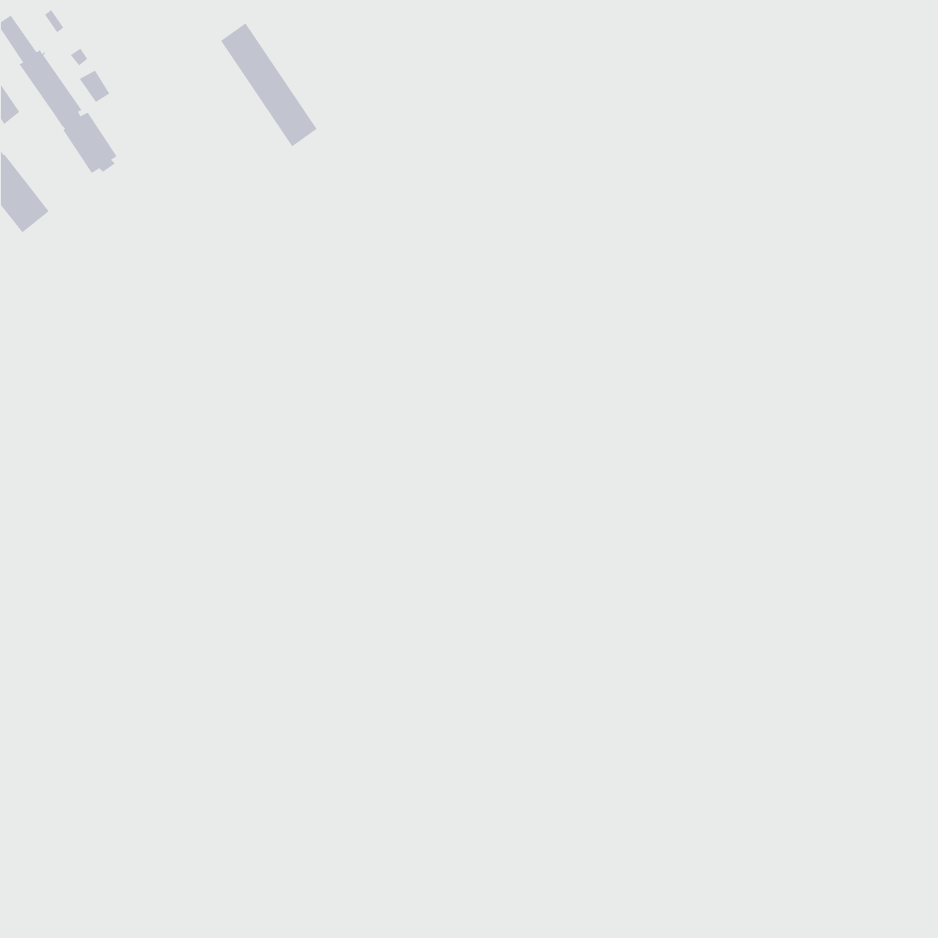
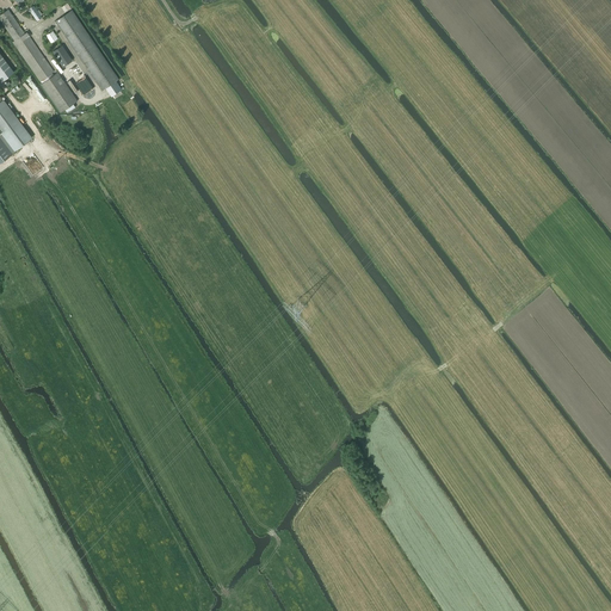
building: [220,22,317,147] -> [55,10,118,91]

